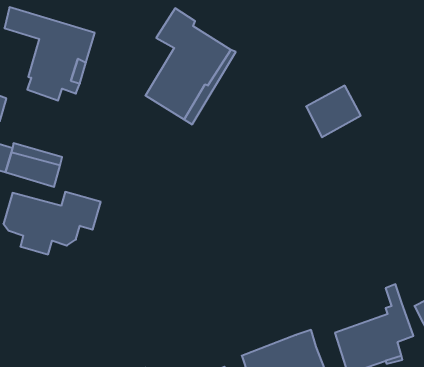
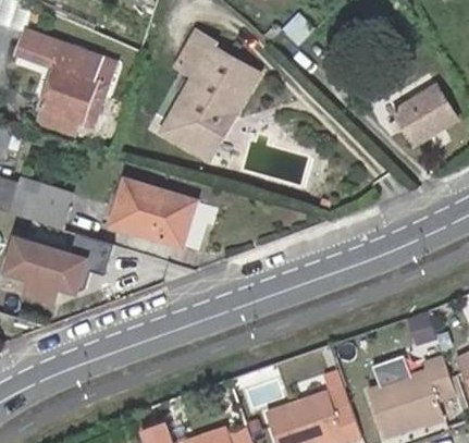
building: [306,86,361,137] -> [392,84,452,140]
building: none -> [112,180,196,246]

